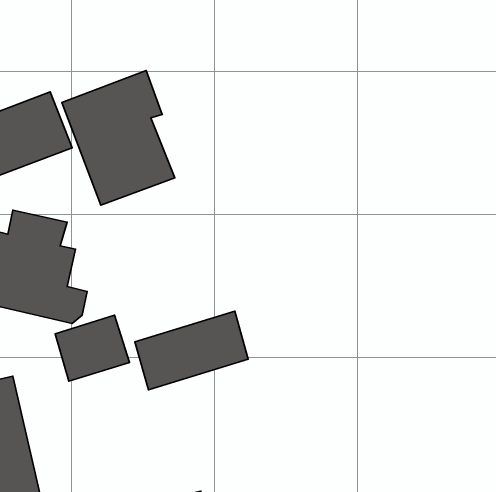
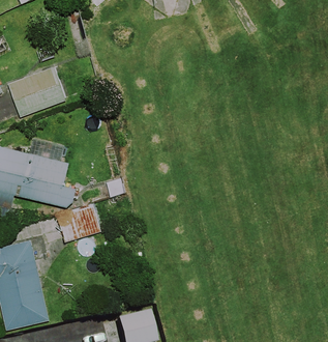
building: [62,71,175,205] -> none
building: [135,311,248,390] -> none

